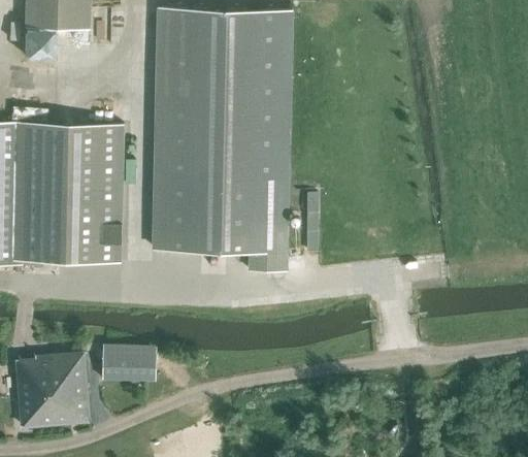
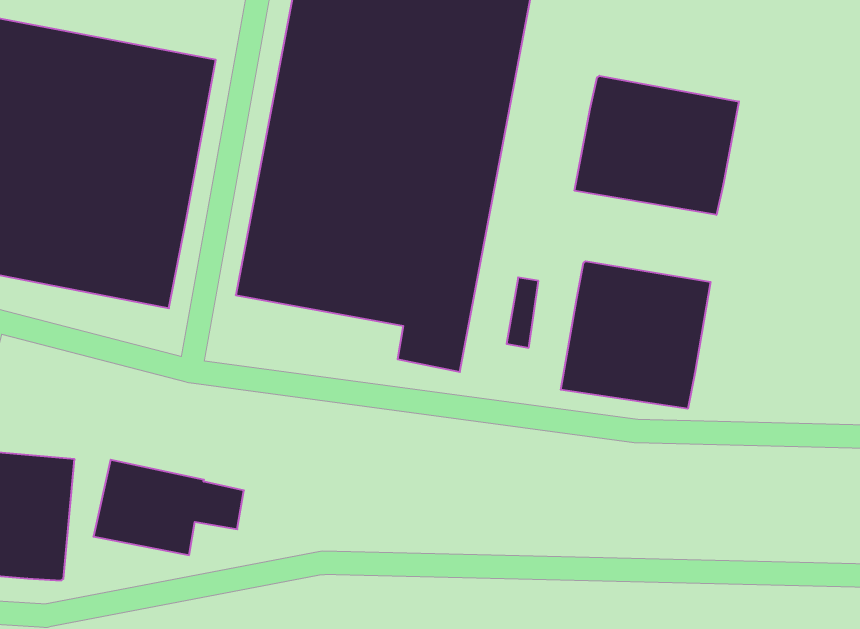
building: none -> [575,76,739,215]
building: none -> [561,261,711,409]

